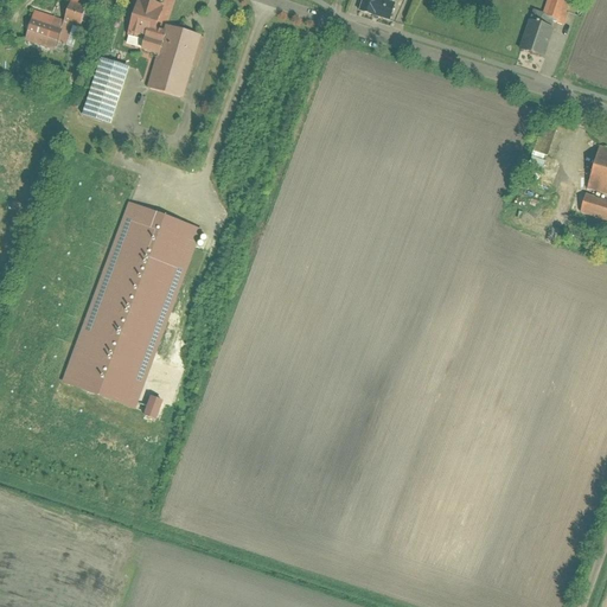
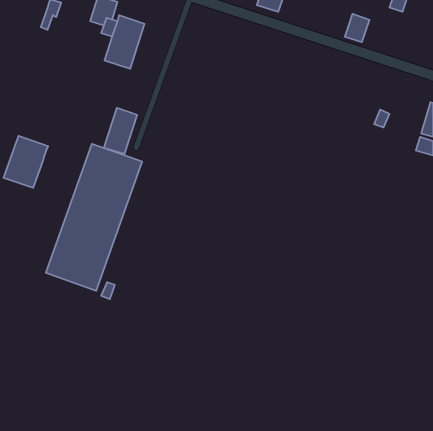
building: [25,7,64,47] -> none
building: [517,15,551,55] -> [345,14,369,42]
building: [83,56,129,120] -> [104,108,137,154]
building: none -> [4,136,48,188]

